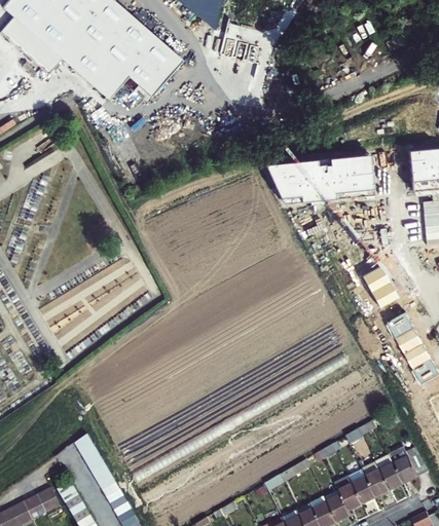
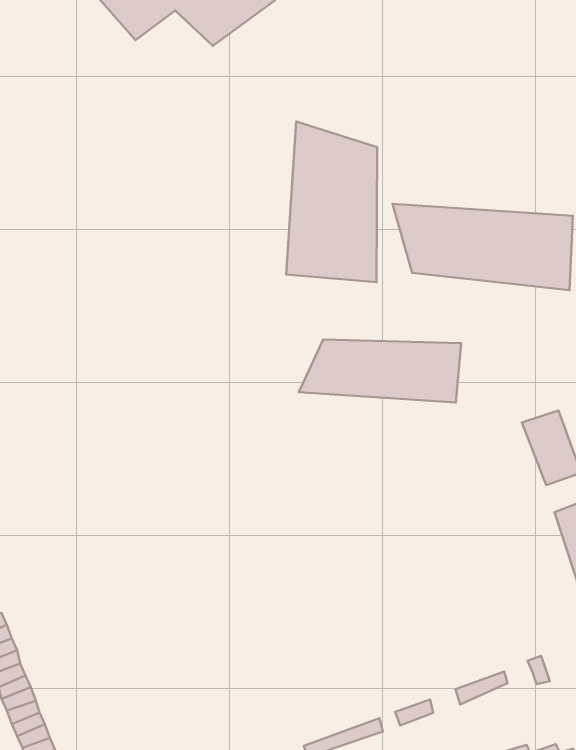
building: none -> [286,122,377,282]
building: none -> [299,340,461,403]

